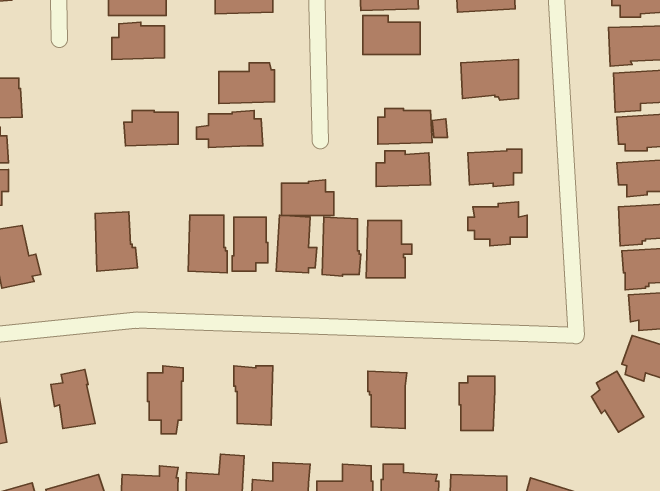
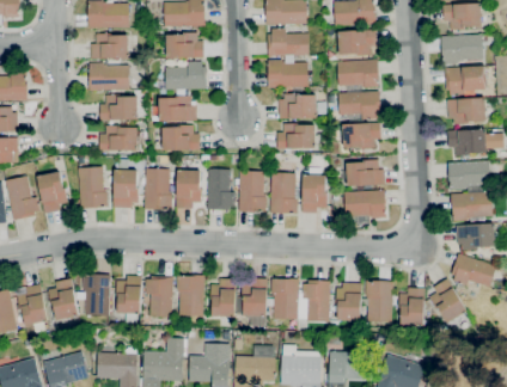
building: none -> [337,25,377,56]
building: none -> [167,33,203,59]
building: none -> [268,56,312,88]
building: none -> [88,63,129,91]
building: none -> [338,91,380,121]
building: none -> [99,125,138,152]
building: [281,180,334,215] -> [163,125,200,150]
building: none -> [303,168,326,214]
building: none -> [112,170,139,209]
building: none -> [37,172,68,214]
building: none -> [344,191,385,219]
building: none -> [77,275,110,317]
building: none -> [145,276,173,318]
building: none -> [243,278,268,327]
building: none -> [210,280,237,326]
building: none -> [298,281,330,322]
building: none -> [365,281,393,322]
building: none -> [17,284,48,333]
building: none -> [399,288,424,327]

